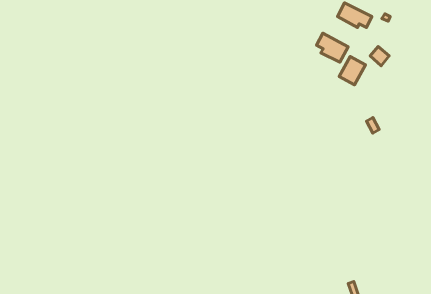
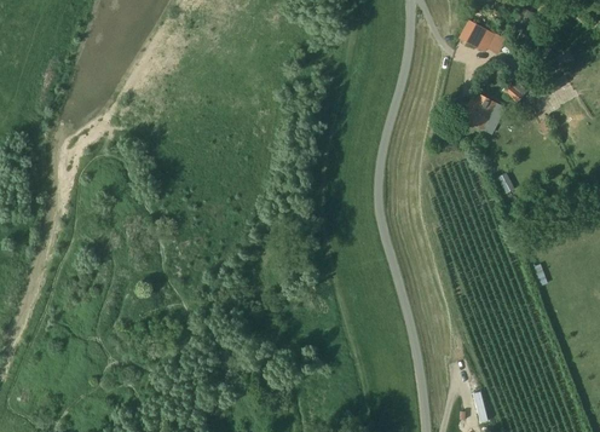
building: [316,33,348,62] -> none

